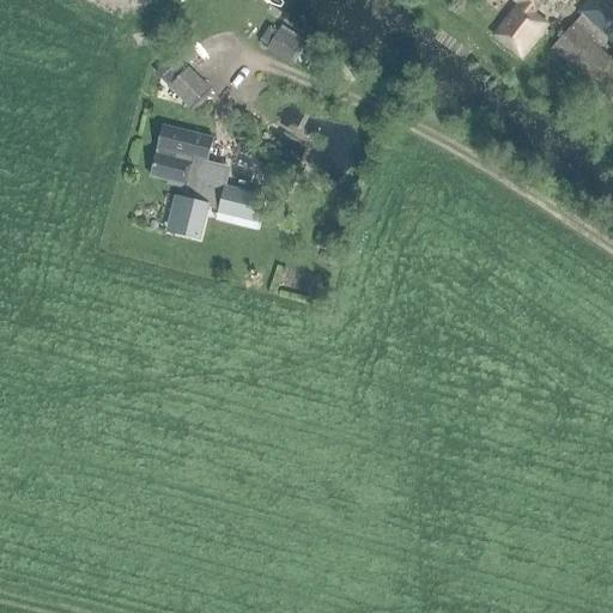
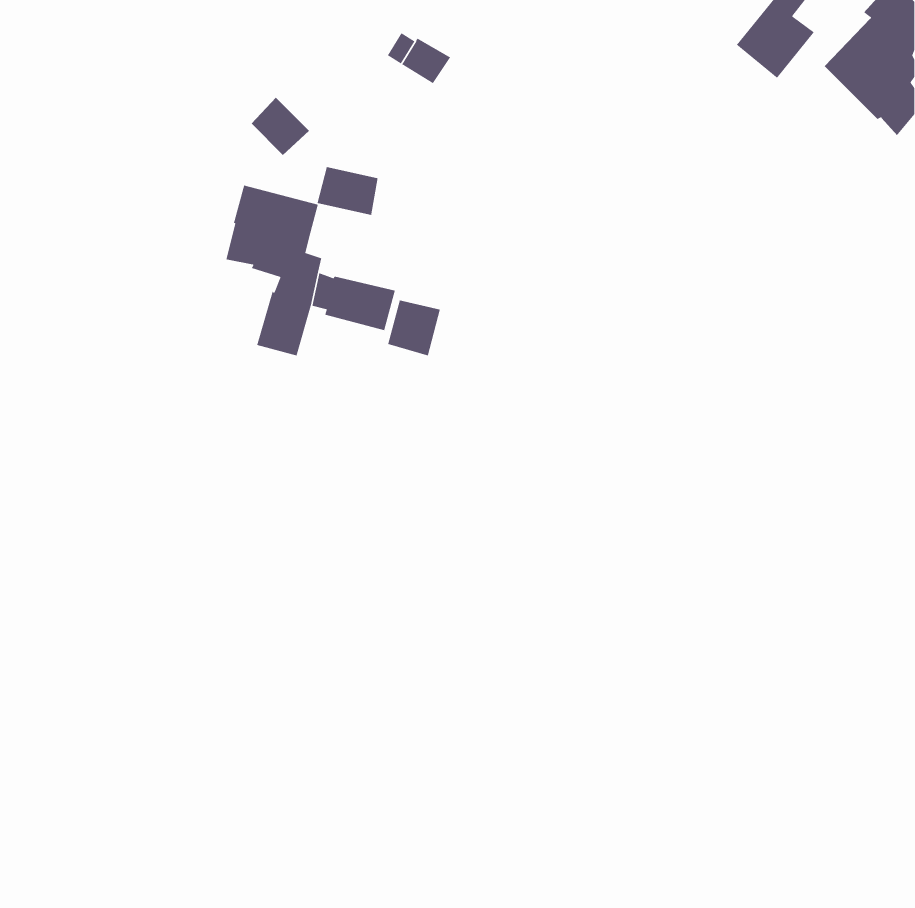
building: none -> [316,166,379,216]
building: none -> [387,299,441,356]

